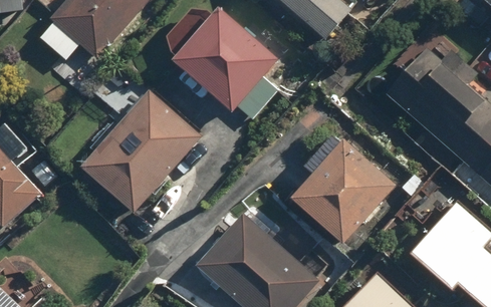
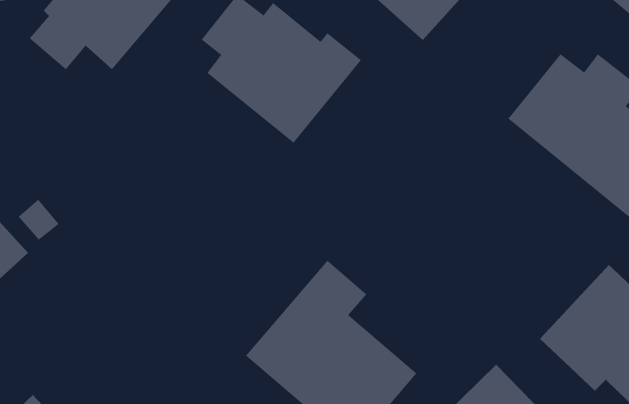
building: [79,86,202,212] -> none
building: [285,136,394,284] -> none

